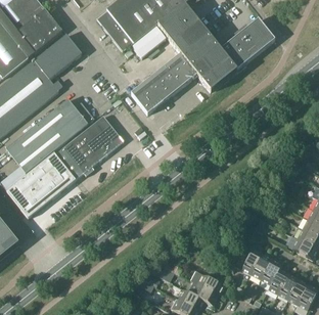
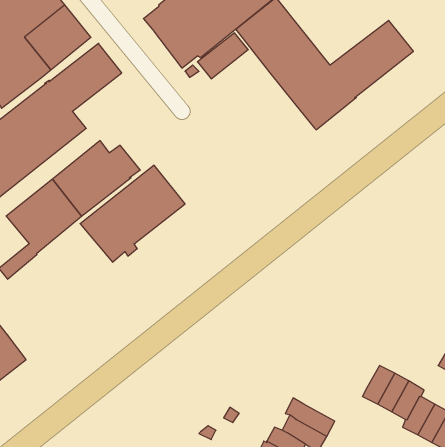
building: [131,53,196,114] -> none
building: [6,151,76,217] -> none

